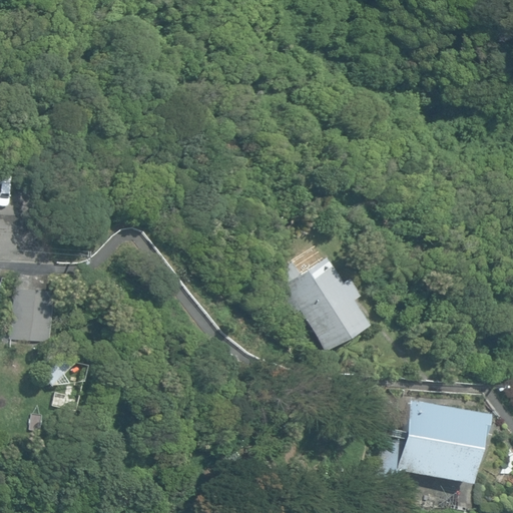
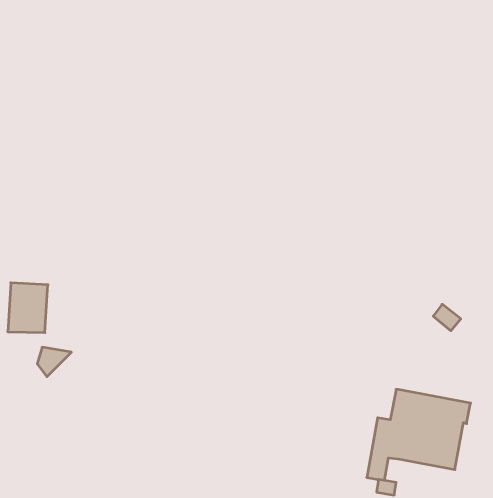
building: [275,258,371,353] -> none

